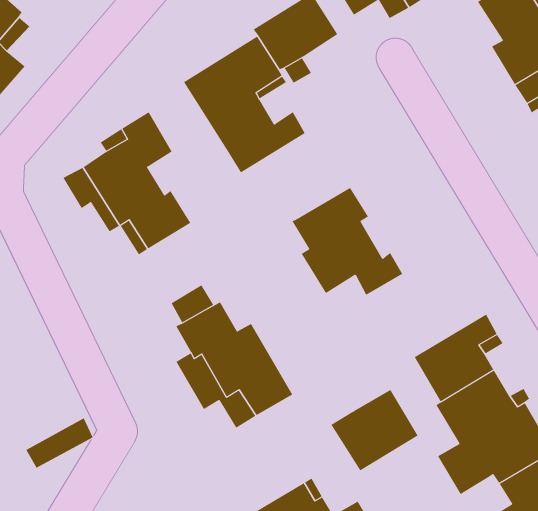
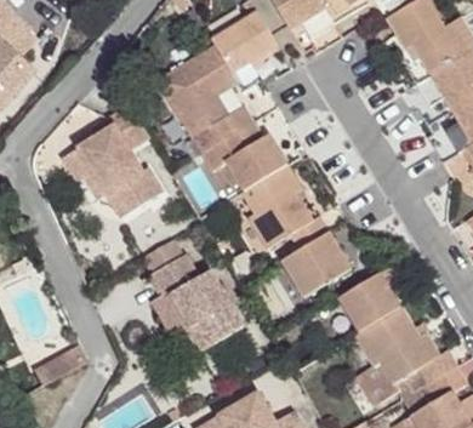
building: none -> [201,121,287,189]
building: [330,389,419,471] -> [281,232,351,296]

